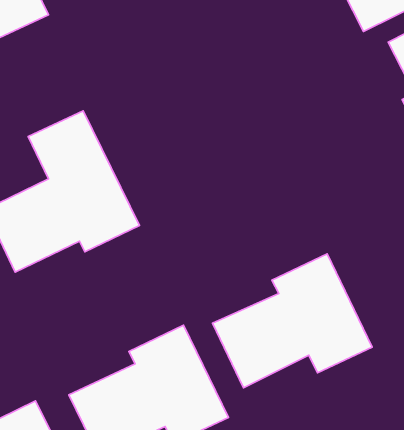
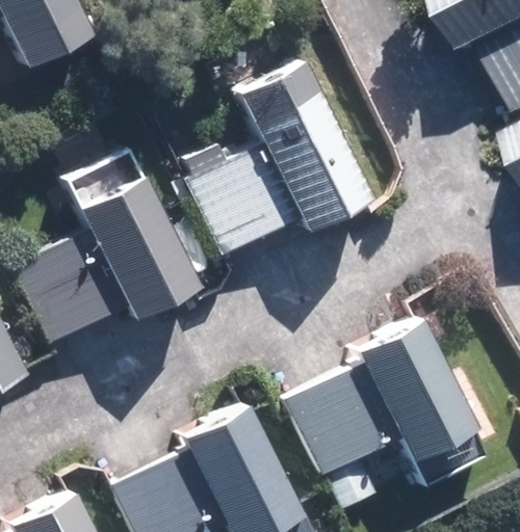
building: none -> [188,62,370,254]

